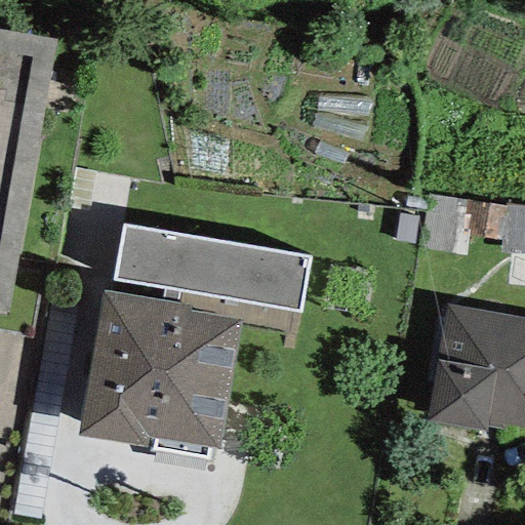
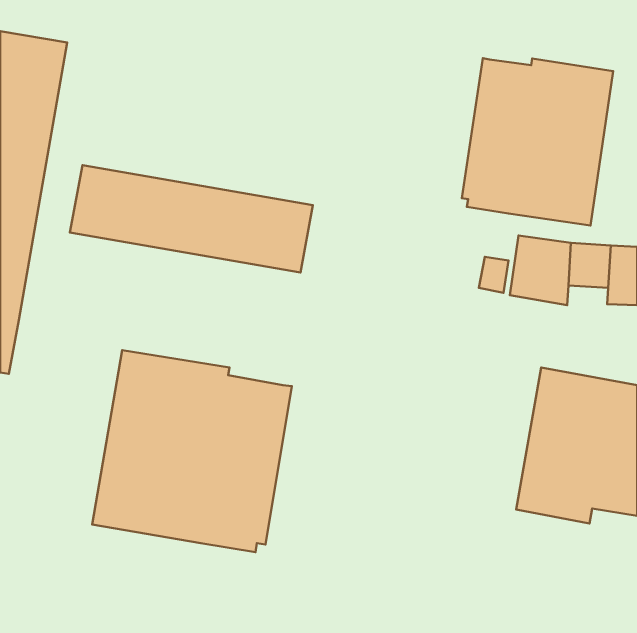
building: none -> [462,58,613,225]
building: [111,223,311,311] -> [70,165,313,272]

